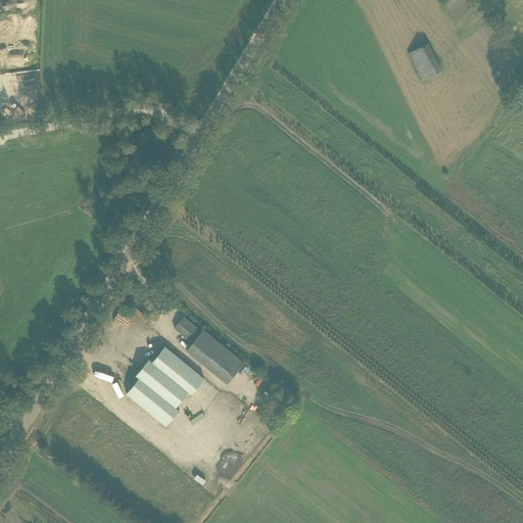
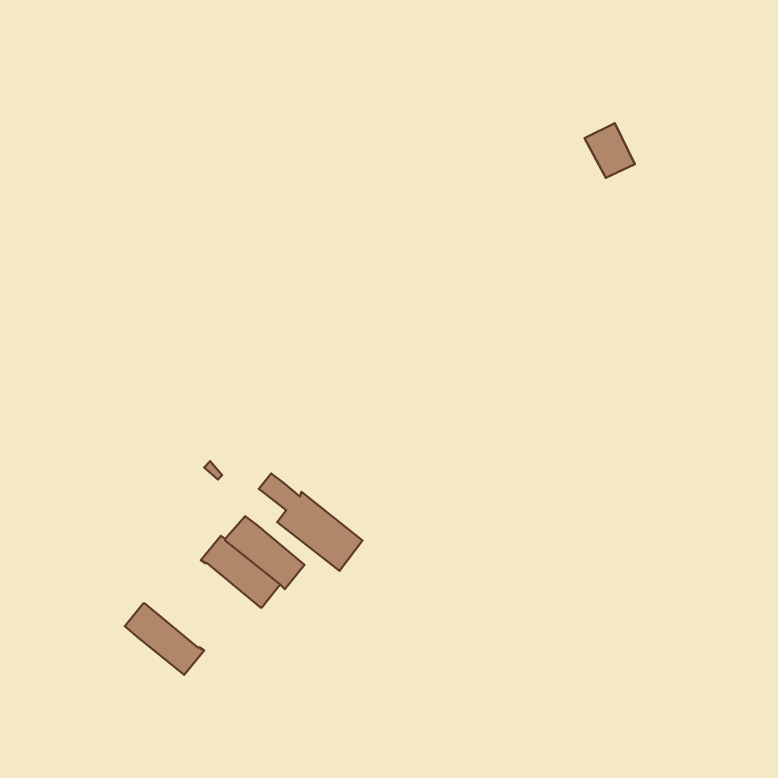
building: [408,43,441,80] -> [584,123,635,178]
building: [126,378,179,426] -> [125,603,204,675]

